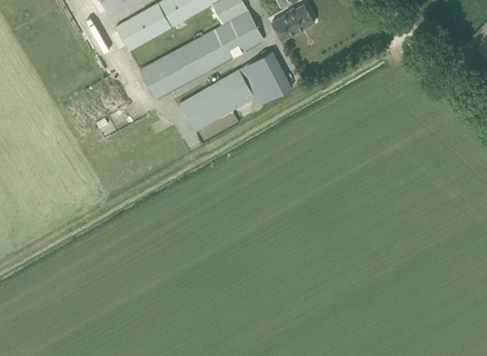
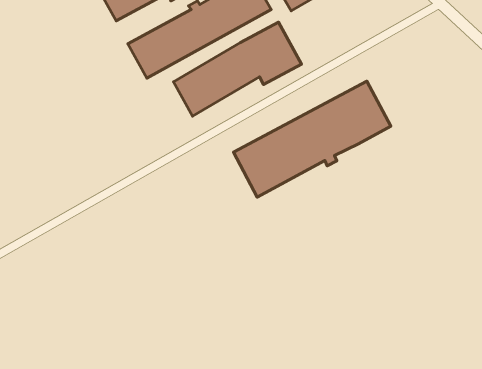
building: none -> [233,81,391,197]

